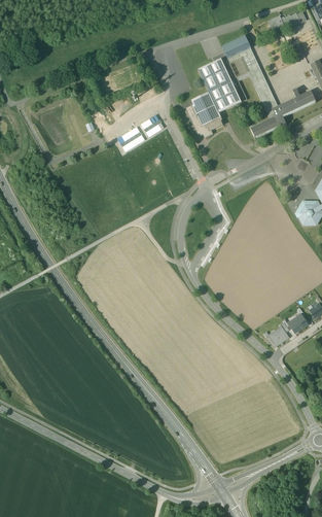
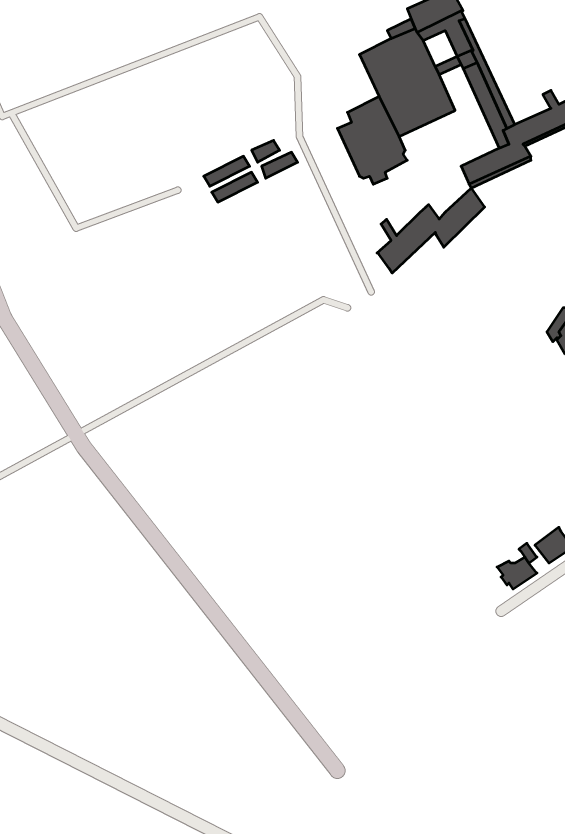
building: none -> [377,188,485,273]

